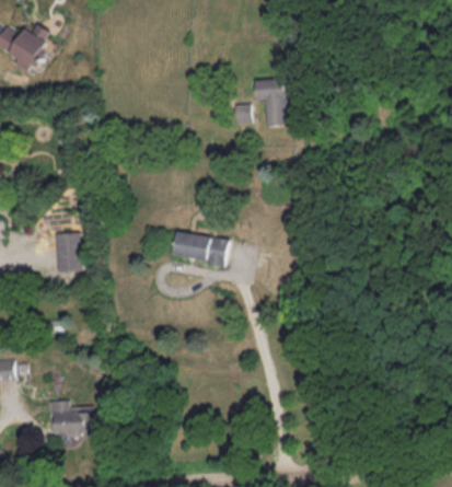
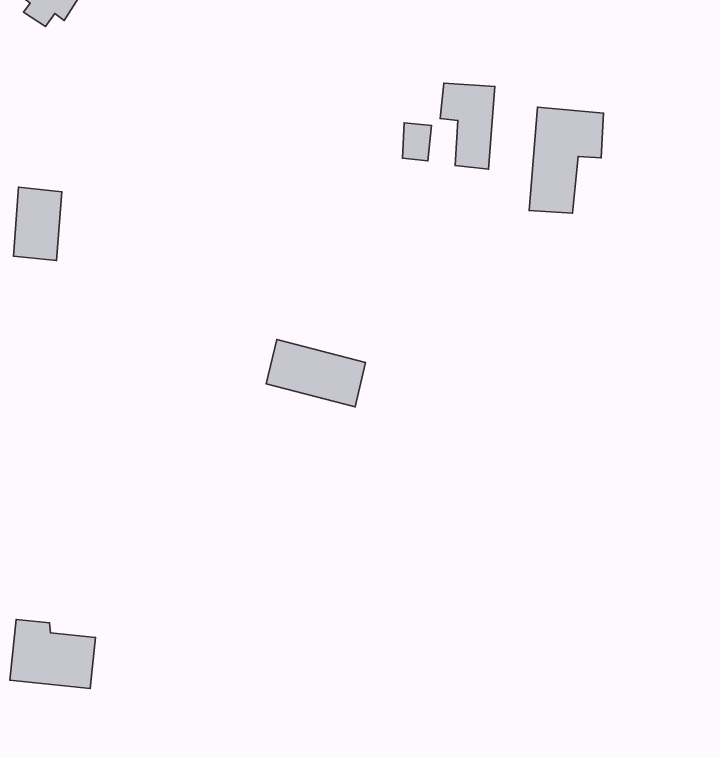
building: none -> [529,107,604,213]
building: [55,233,80,271] -> [13,187,62,261]

